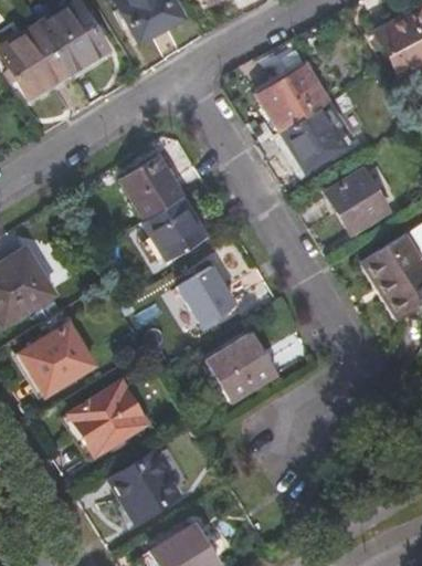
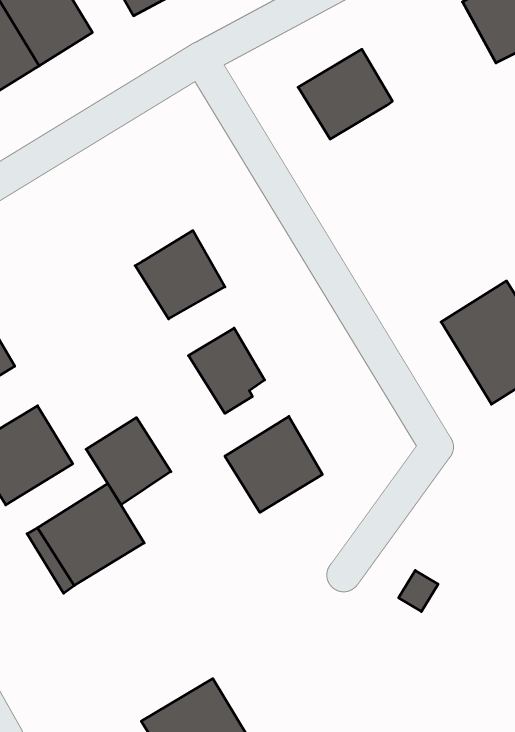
building: [282,105,346,170] -> none
building: [123,156,182,218] -> none
building: [325,168,389,234] -> none
building: none -> [86,418,171,505]
building: [109,451,179,520] -> none

